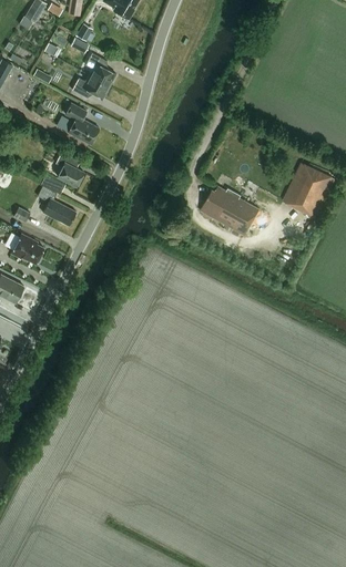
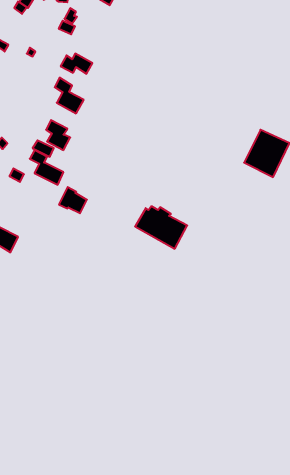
building: [85,53,115,86] -> none
building: [200,187,260,236] -> [135,206,187,249]
building: [11,234,43,264] -> [59,187,87,213]

